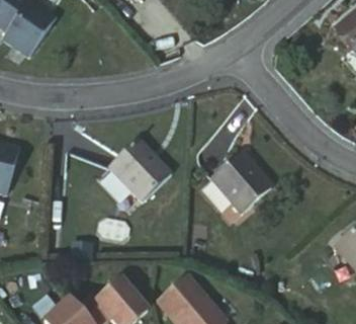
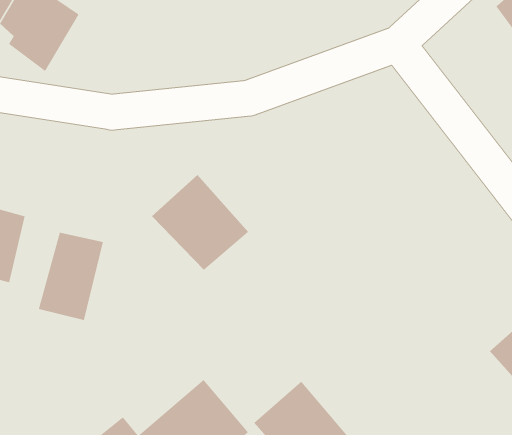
building: [201,152,262,213] -> none
building: none -> [38,232,103,321]

